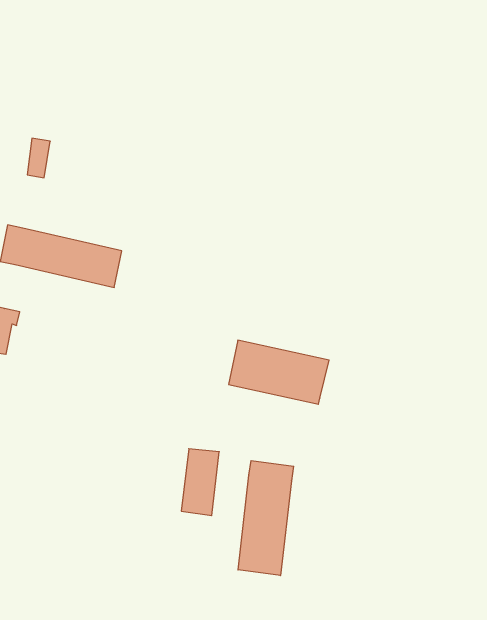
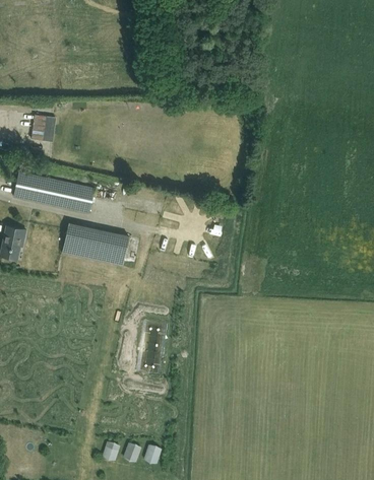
building: [229,340,329,404] -> [62,222,129,265]
building: [238,461,294,576] -> none

